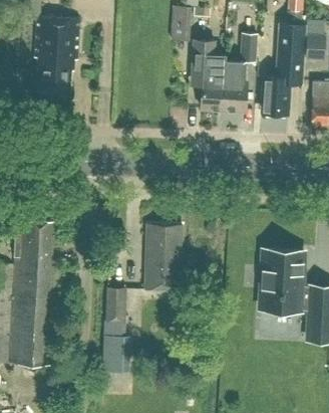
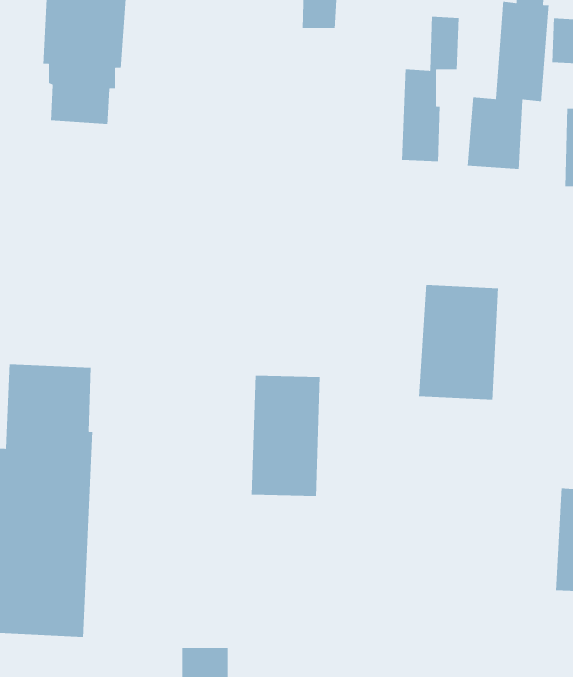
building: [191,41,227,110] -> none
building: [260,248,303,311] -> [418,284,499,401]
building: [103,286,128,357] -> none

